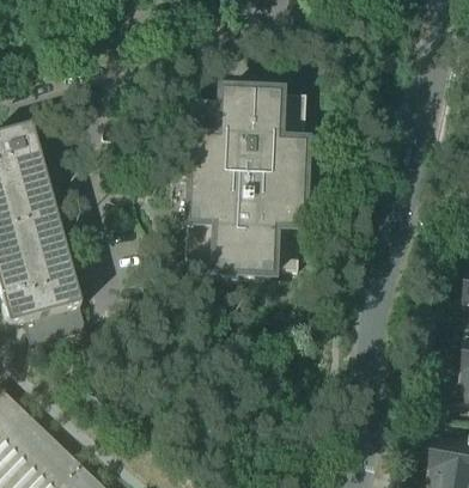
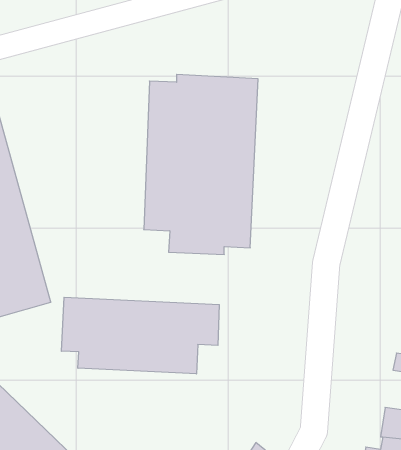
building: none -> [61,297,219,374]

